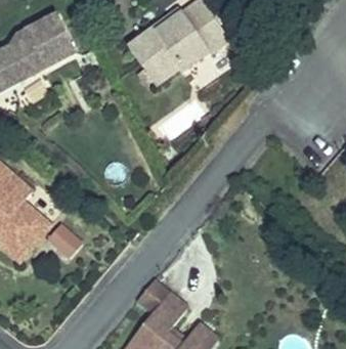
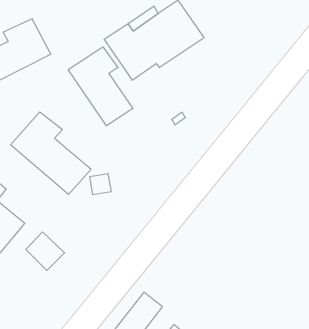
building: none -> [68,47,133,126]
building: none -> [11,112,91,194]

